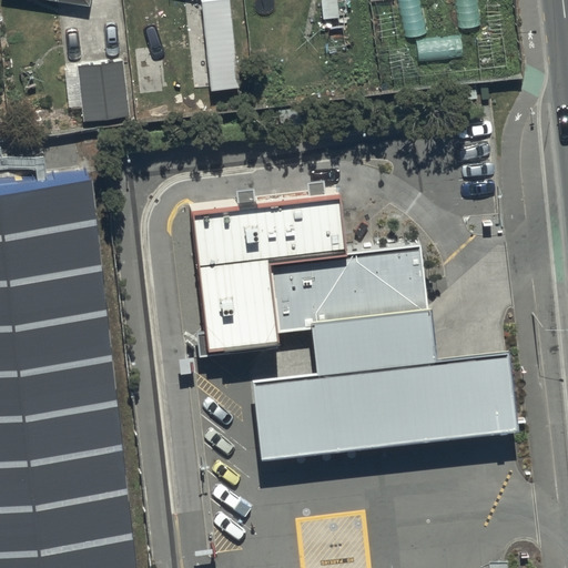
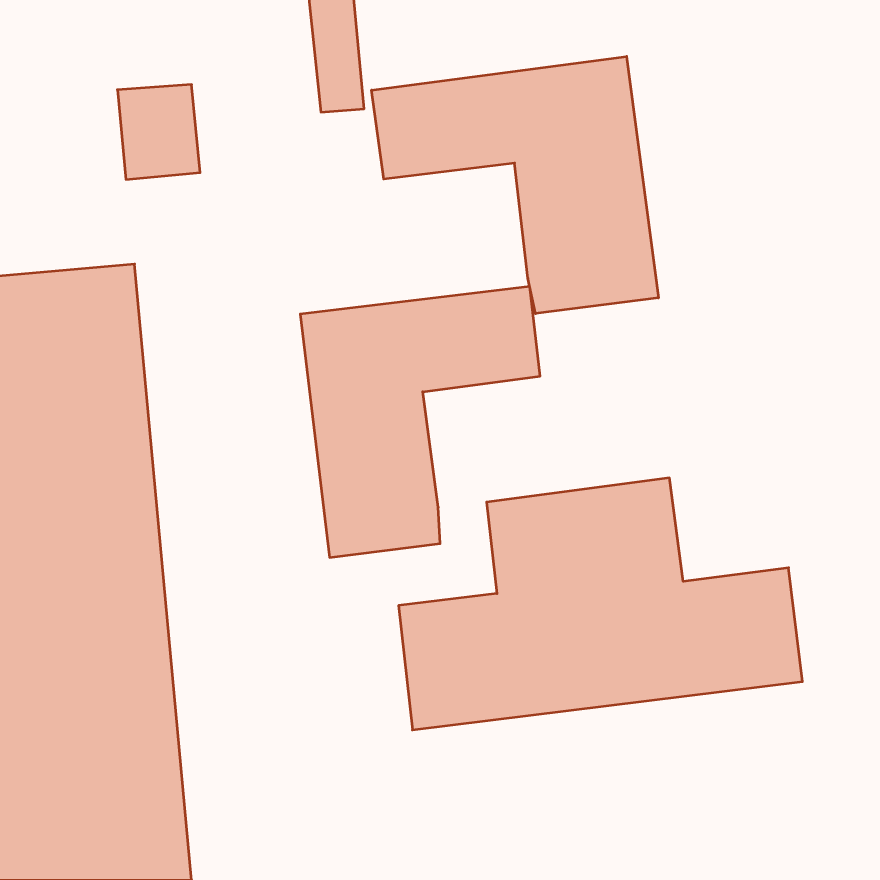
building: none -> [372,56,658,314]
building: [272,233,430,326] -> none

